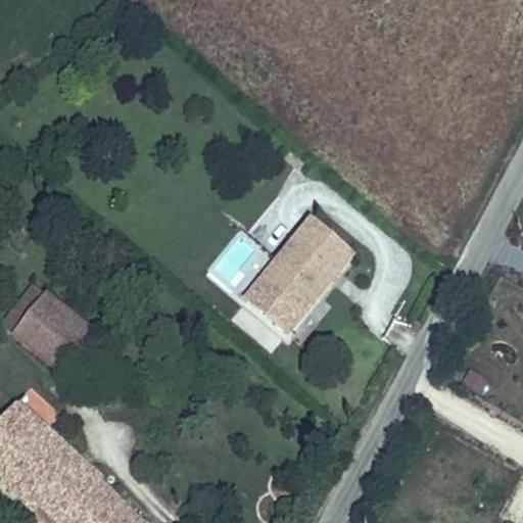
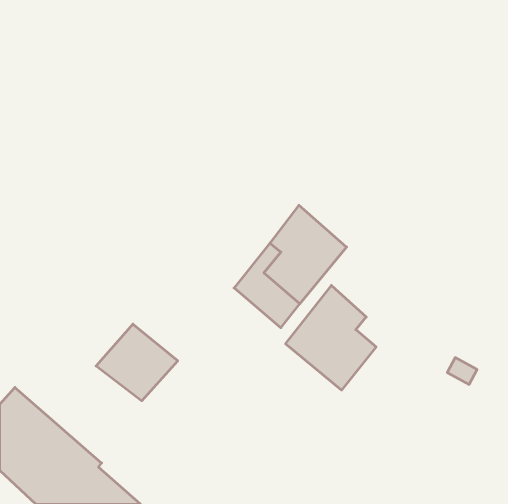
building: [7,288,91,367] -> [96,324,178,401]
building: none -> [286,285,376,390]

